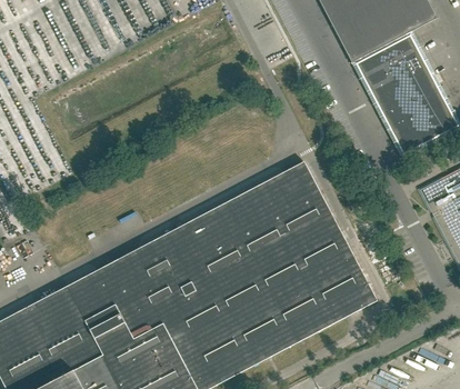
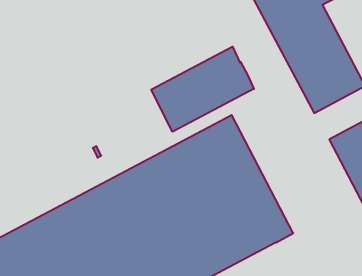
building: none -> [151,47,254,132]

